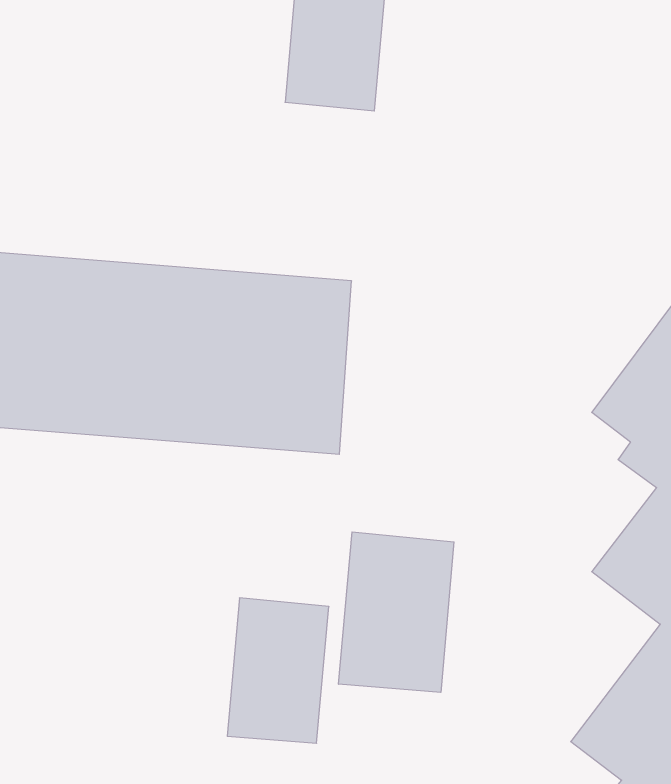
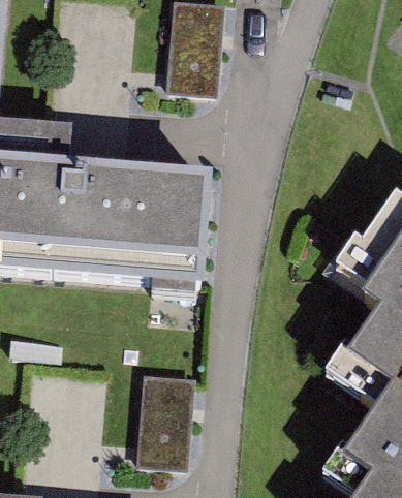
building: [339,532,454,692] -> none

